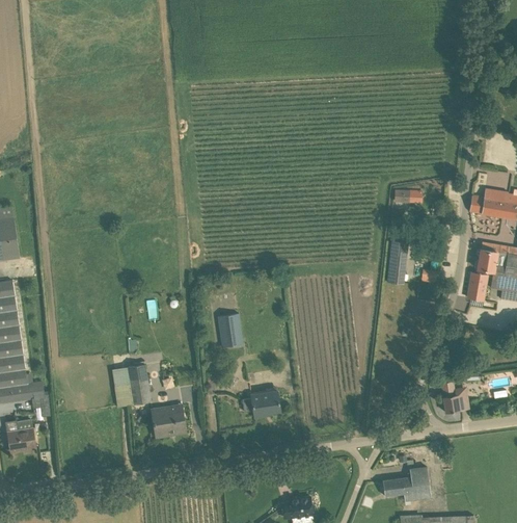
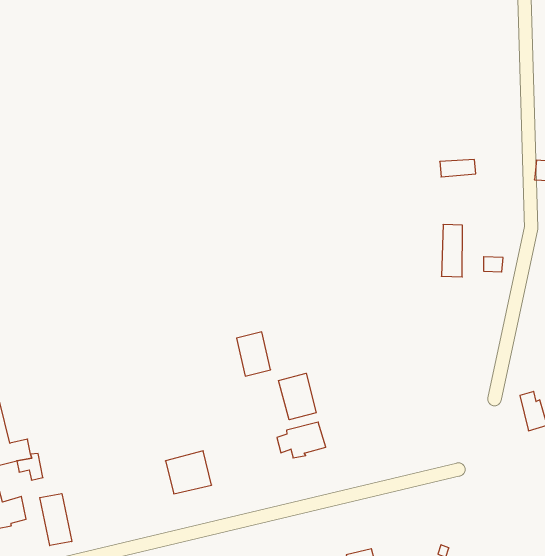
building: none -> [278,373,316,420]
building: [110,364,149,407] -> none
building: none -> [40,494,72,546]
building: [382,467,430,500] -> none

